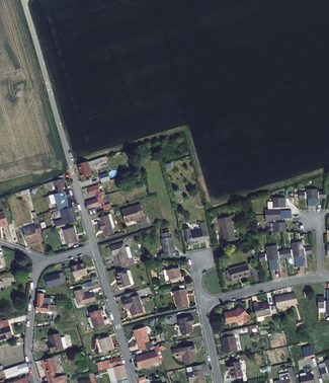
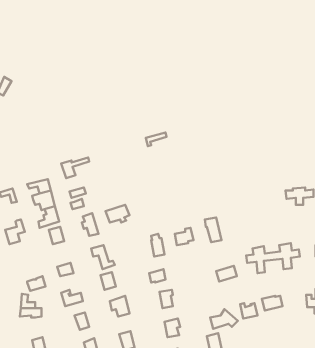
building: [263,198,290,232] -> none

